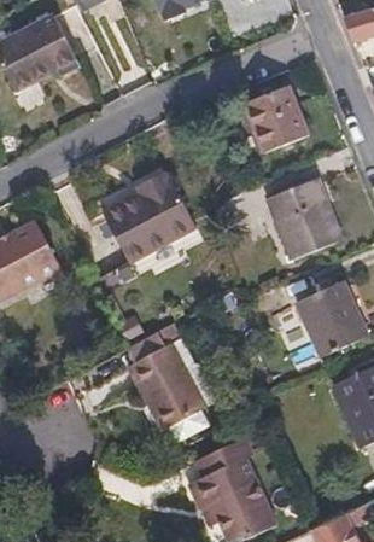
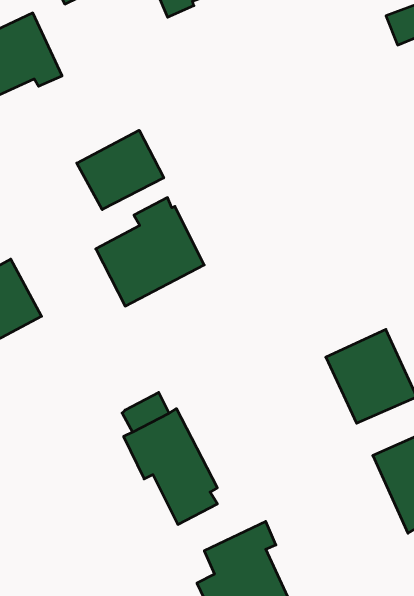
building: [245,84,308,151] -> none
building: none -> [77,130,164,210]
building: [267,176,340,257] -> none

